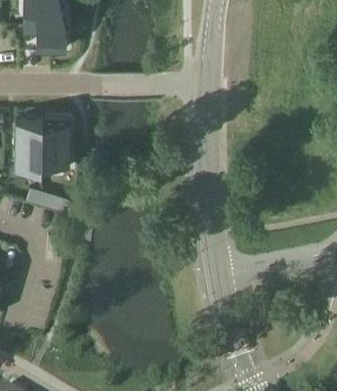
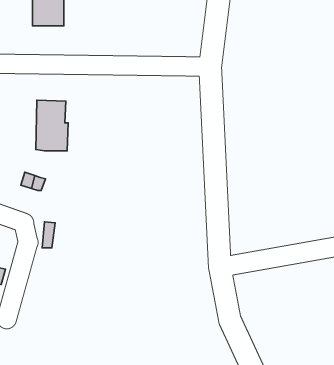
building: [14,120,42,168] -> none

